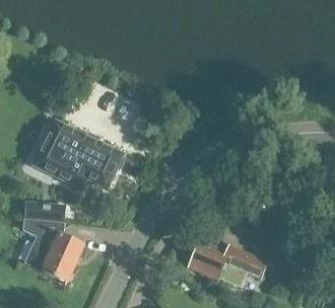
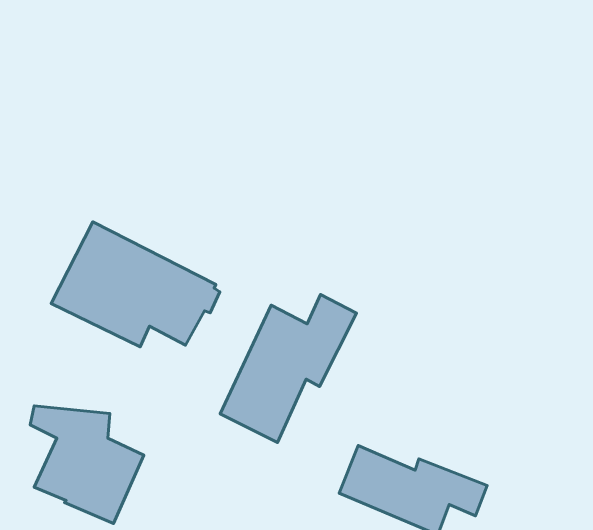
building: none -> [220,294,357,442]
building: [23,202,65,223] -> none

